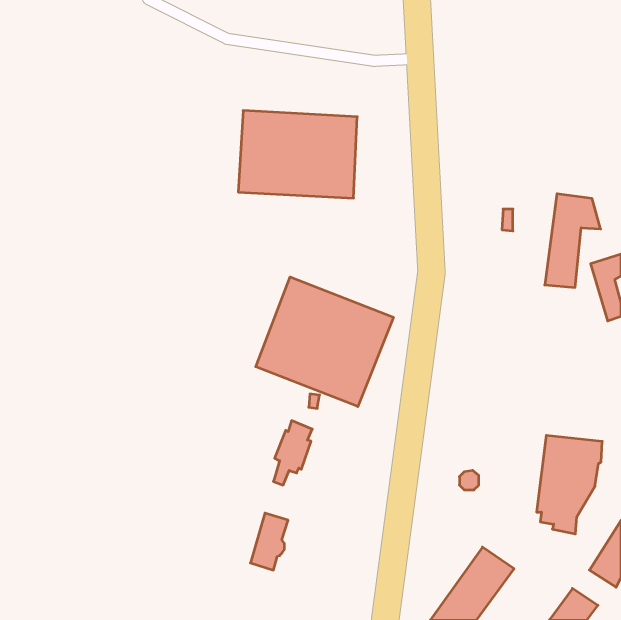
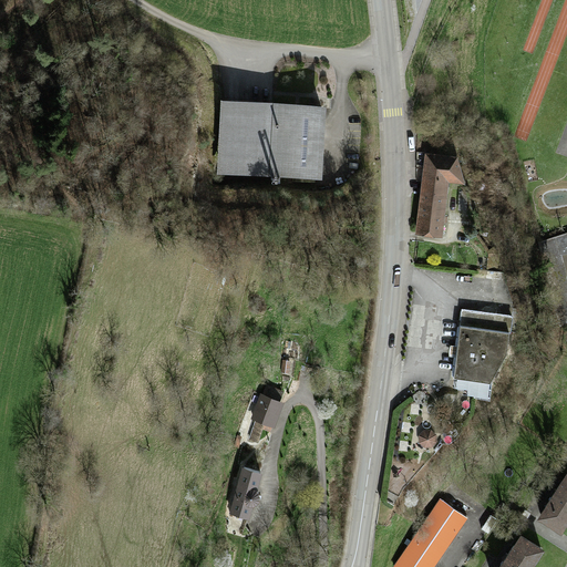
building: [545,194,601,287] -> [414,152,465,237]
building: [256,277,393,407] -> none
building: [537,435,602,534] -> [453,309,513,399]

